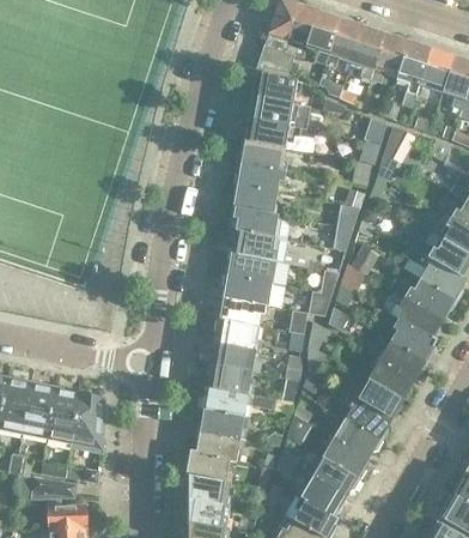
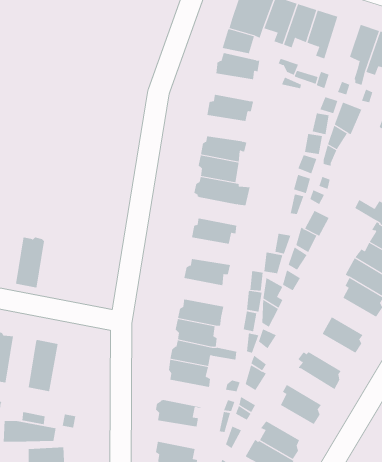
building: [371,34,409,84] -> none
building: [249,96,309,128] -> none
building: [240,141,287,171] -> none
building: [231,231,302,266] -> none
building: [223,276,272,306] -> none
building: [215,320,264,351] -> none
building: [378,341,427,382] -> none
building: [353,381,404,422] -> none
building: [23,383,55,440] -> [15,237,45,288]
building: [71,392,103,449] -> none
building: [329,419,382,459] -> none
building: [194,431,245,461] -> none
building: [306,459,359,497] -> none
building: [185,476,233,508] -> none

